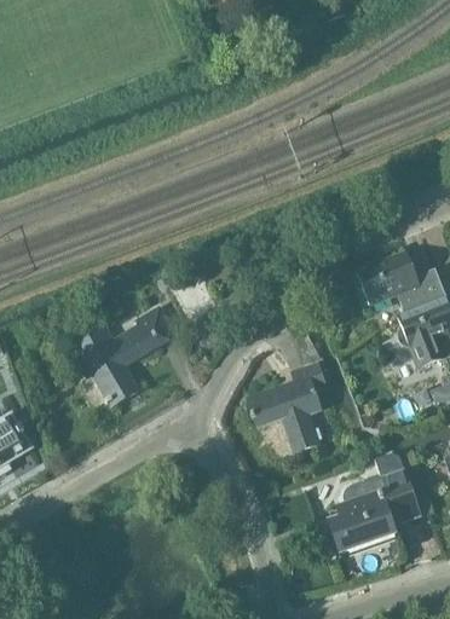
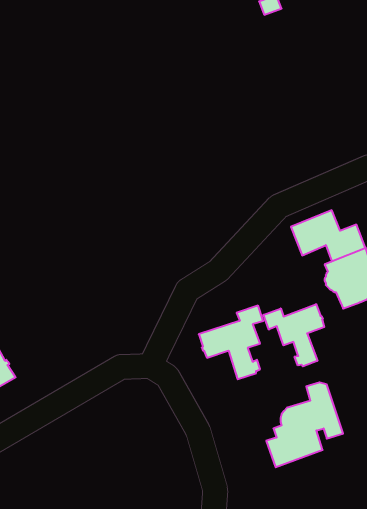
building: [76,306,175,404] -> none
building: none -> [263,304,324,366]

